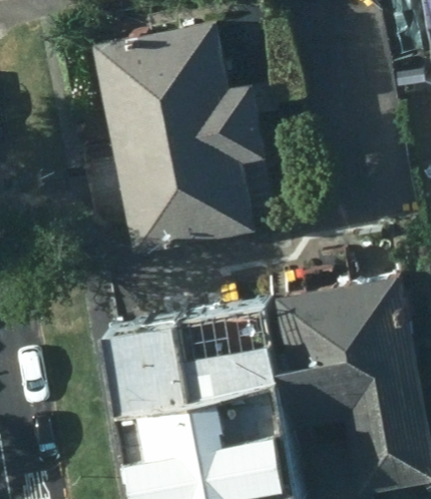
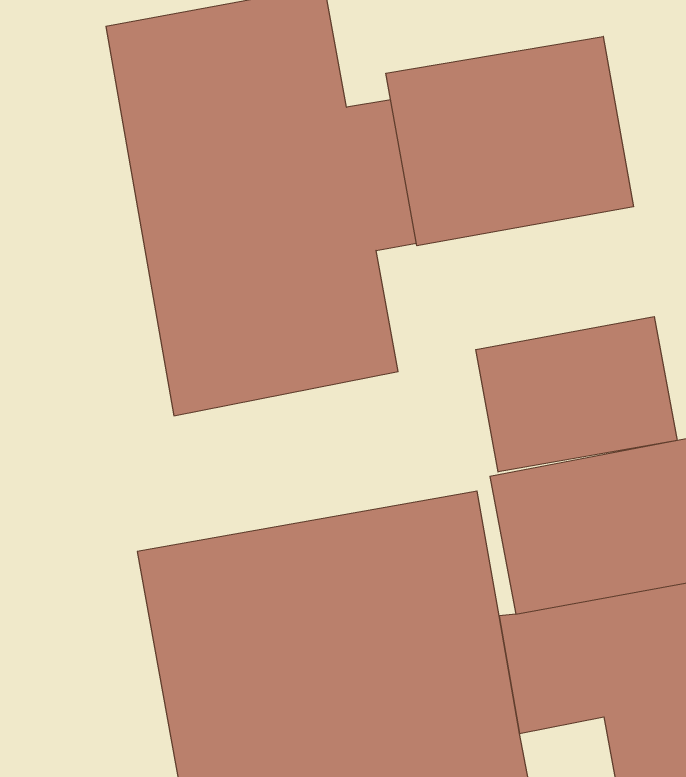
building: none -> [386,36,633,246]
building: none -> [476,317,677,472]

